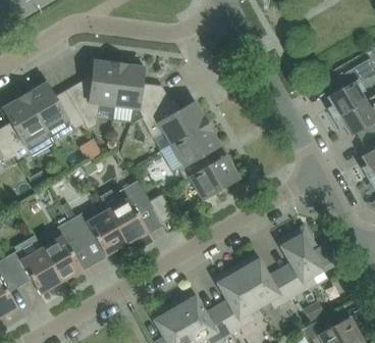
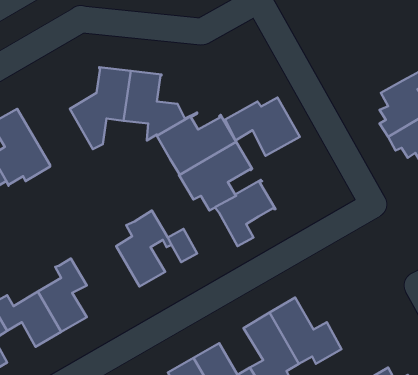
building: [25,82,89,142] -> none
building: none -> [225,98,300,156]
building: [70,209,127,255] -> none
building: [278,225,324,295] -> none

